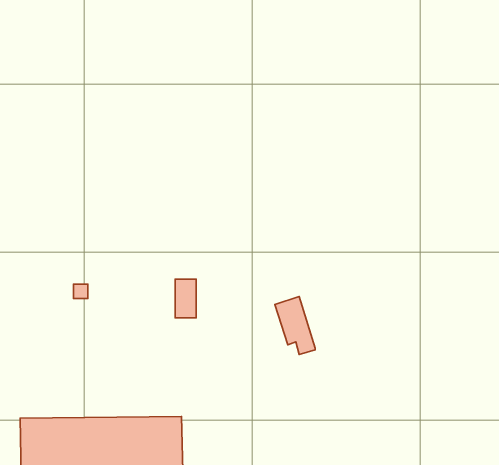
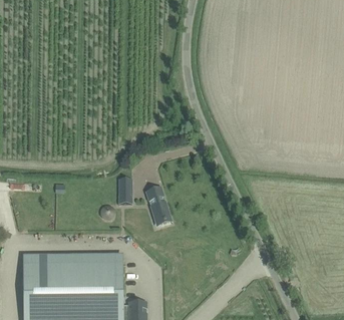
building: [275,296,315,355] -> [145,184,170,220]

